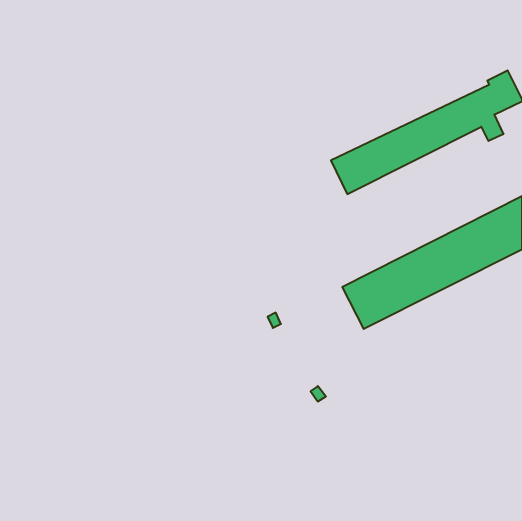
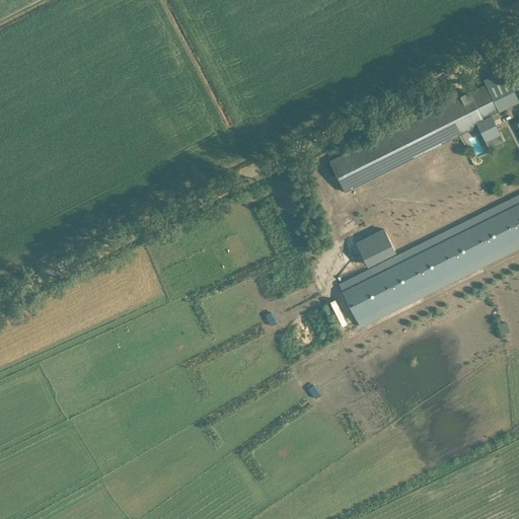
building: none -> [356,228,396,267]

